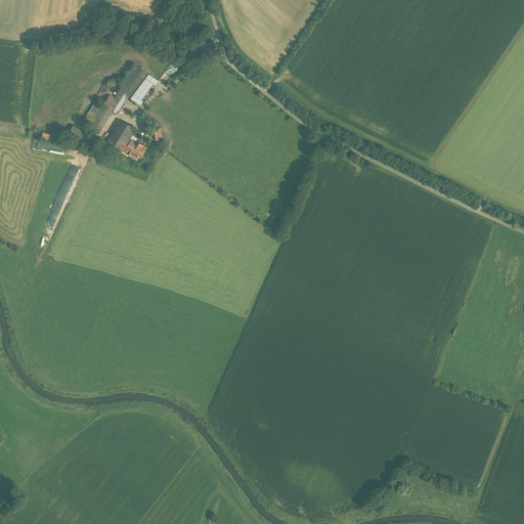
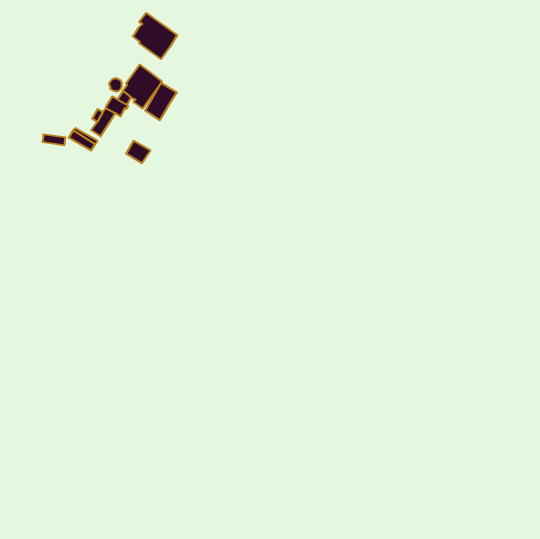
building: none -> [133,13,177,59]
building: [104,118,135,154] -> [145,83,177,120]

